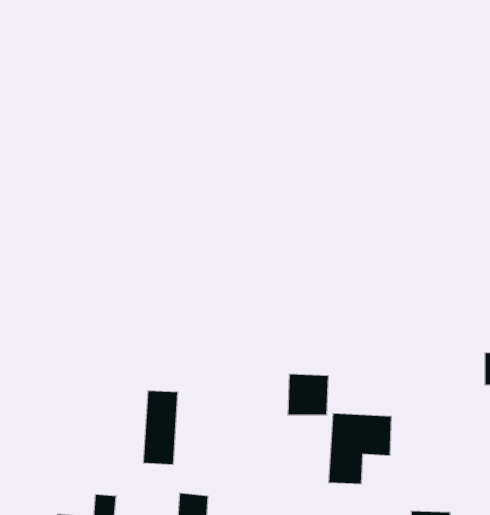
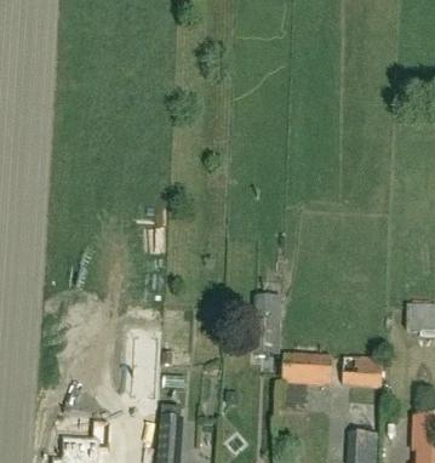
building: none -> [340,354,380,384]

